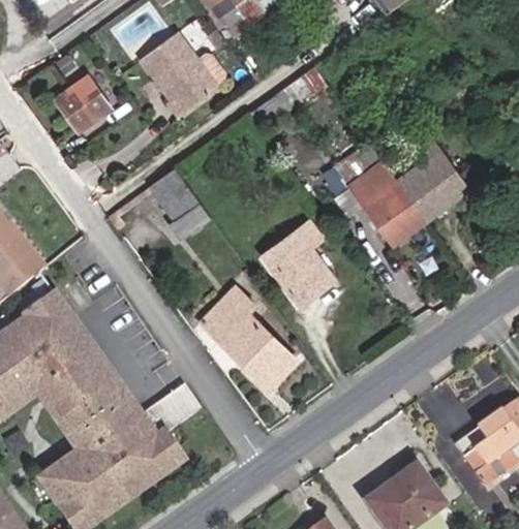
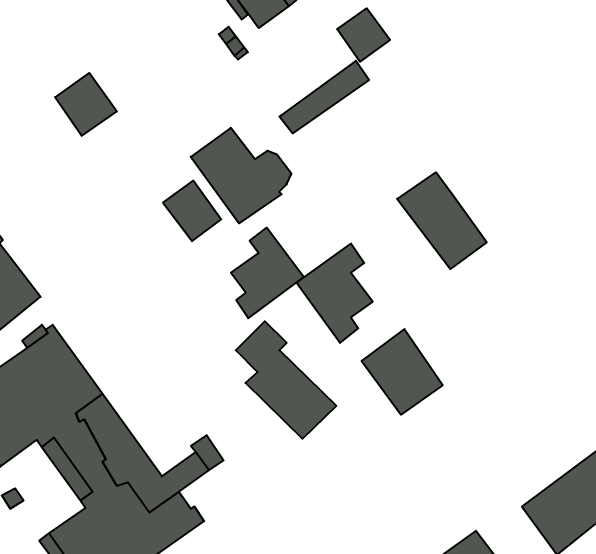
building: none -> [337,8,390,62]
building: [129,42,215,124] -> [191,128,291,223]
building: [395,129,468,221] -> none
building: none -> [231,228,304,318]
building: none -> [362,329,443,415]

